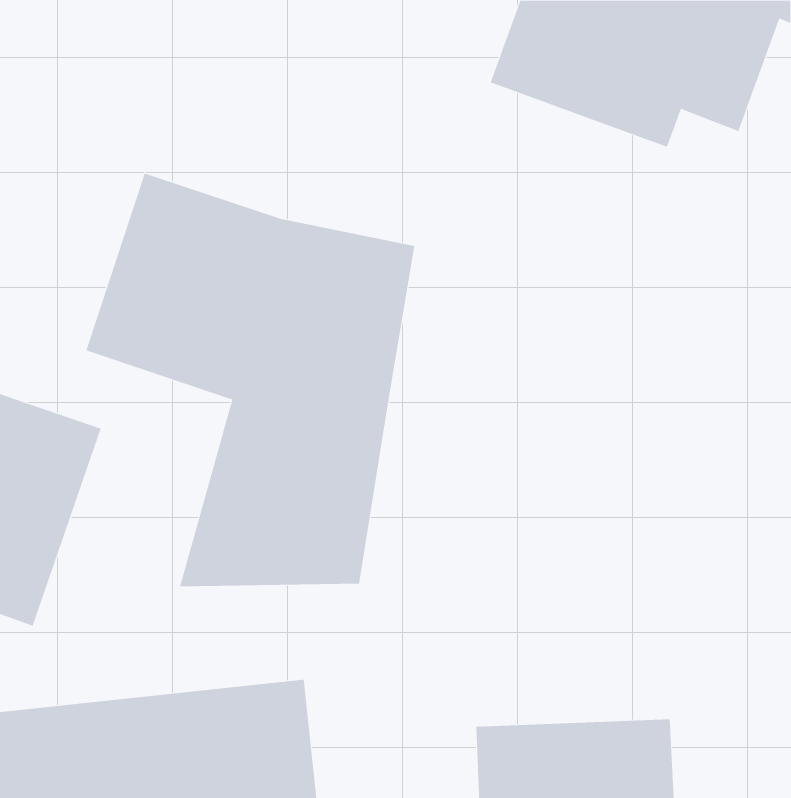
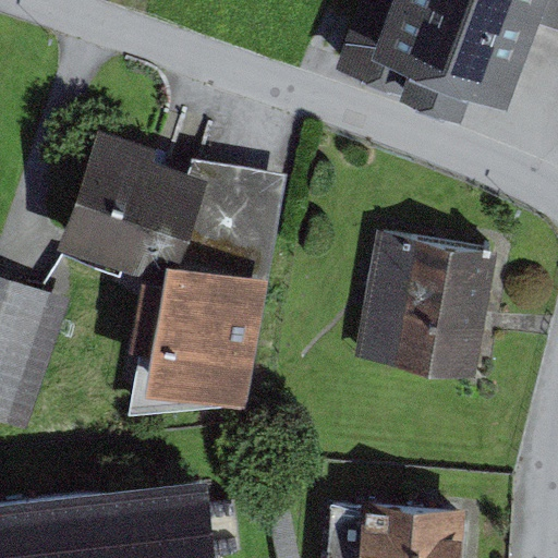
building: none -> [351,234,497,383]

